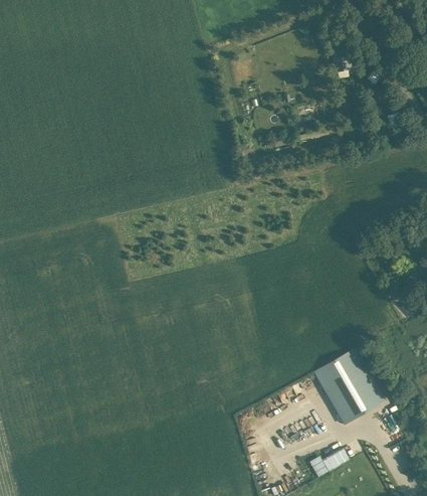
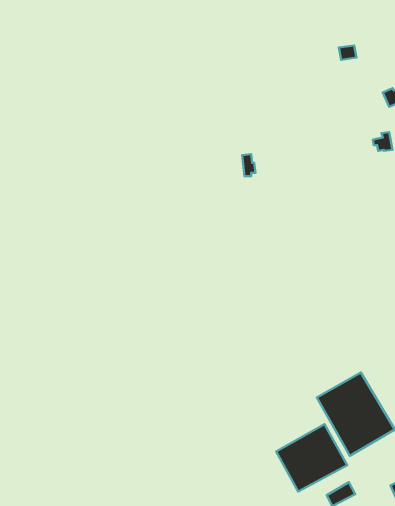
building: none -> [276,424,347,491]

